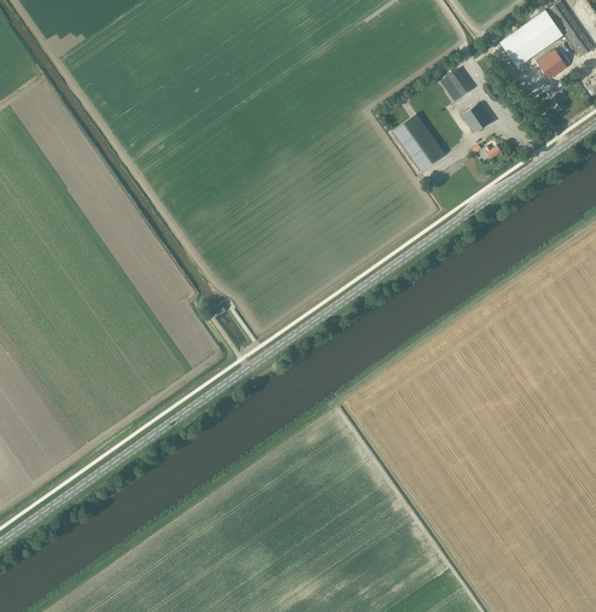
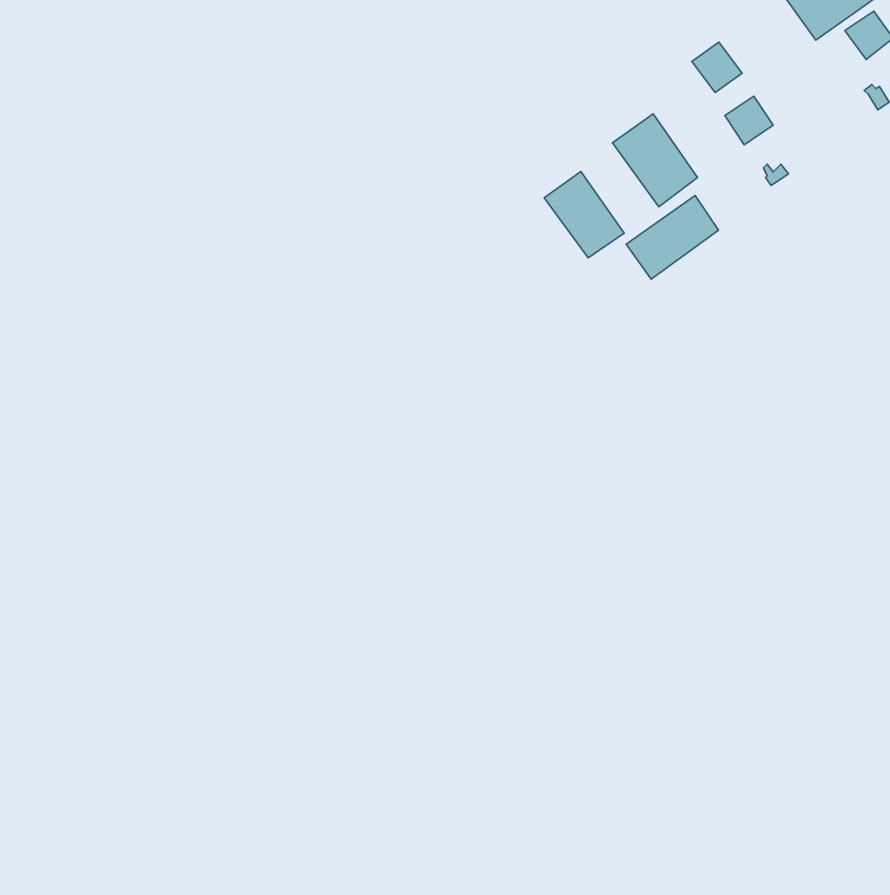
building: none -> [544,171,624,258]
building: none -> [626,196,718,279]

